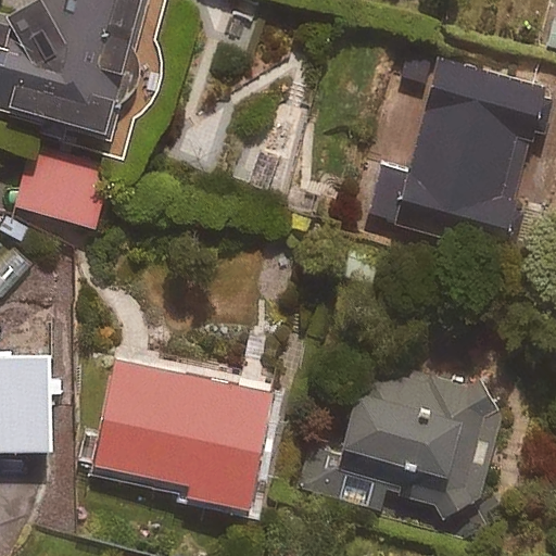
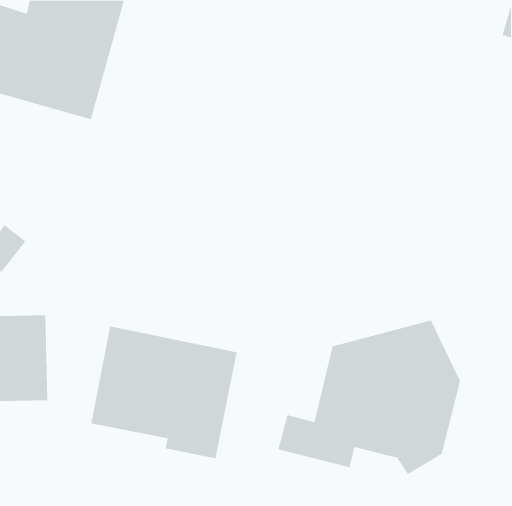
building: [366,59,544,254] -> none
building: [15,154,108,229] -> none

